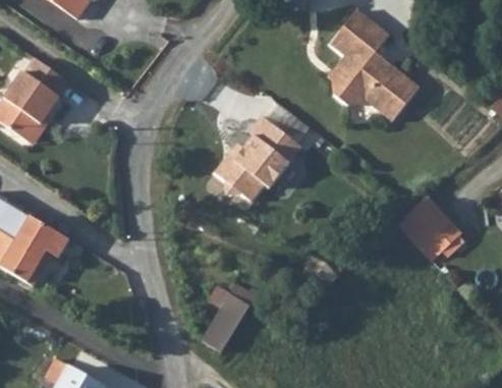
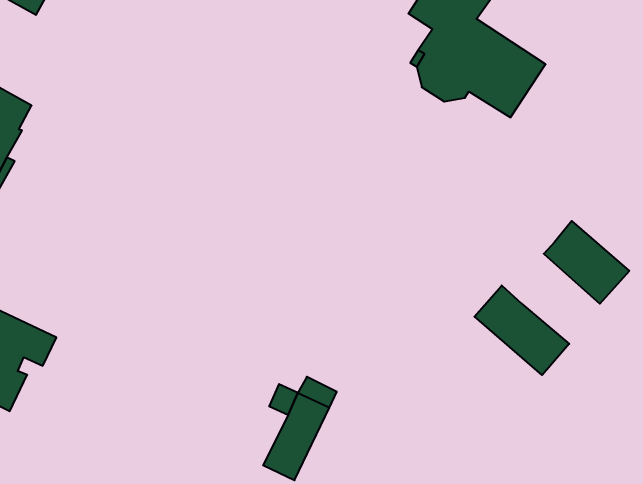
building: [213,115,298,202] -> none
building: none -> [474,285,569,375]

